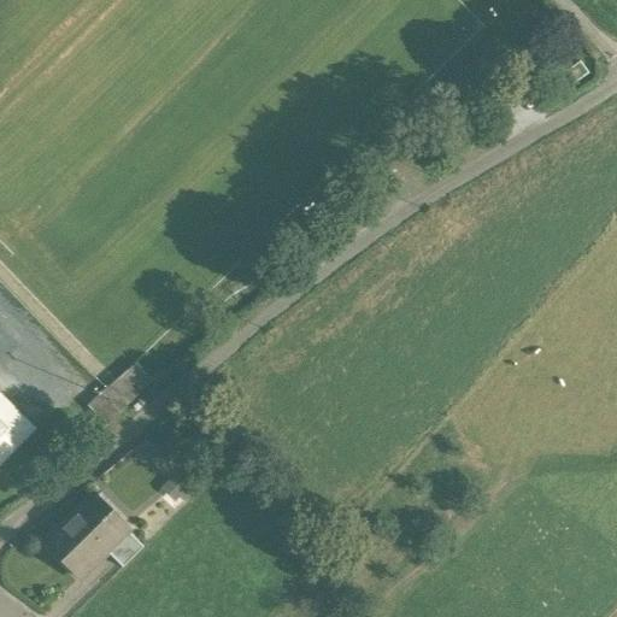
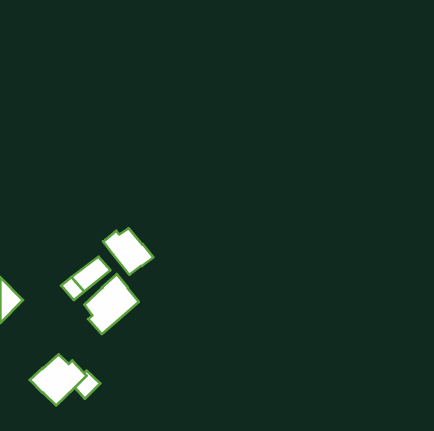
building: none -> [103,228,153,275]
building: none -> [84,274,139,334]

